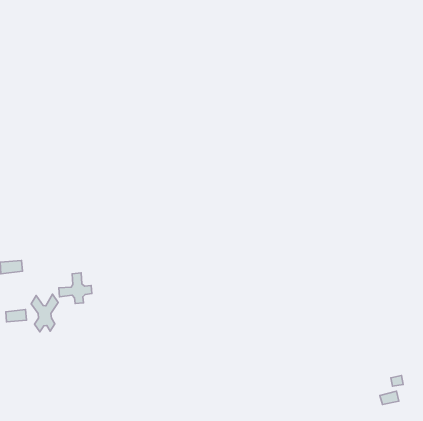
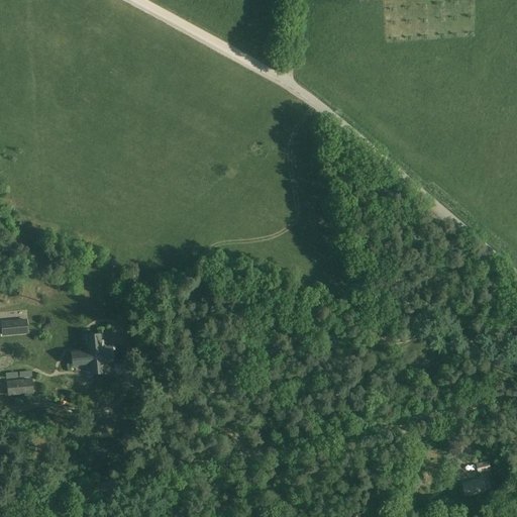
building: [31,294,58,332] -> none

